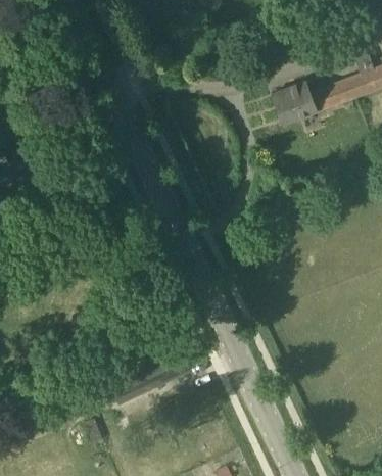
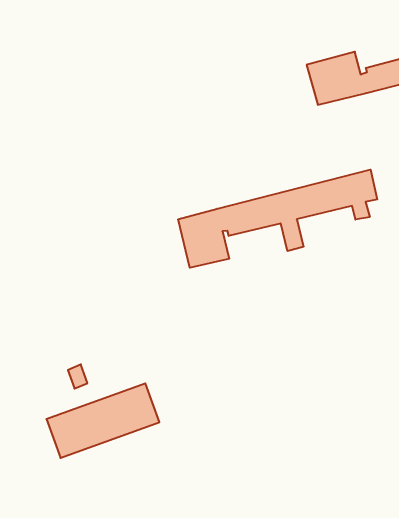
building: none -> [178,170,377,268]

